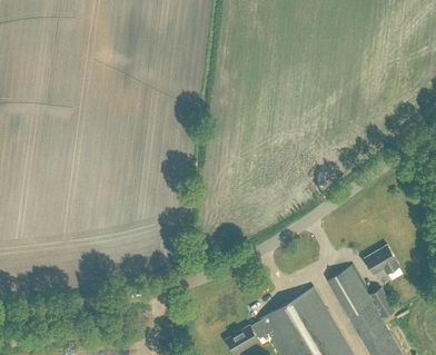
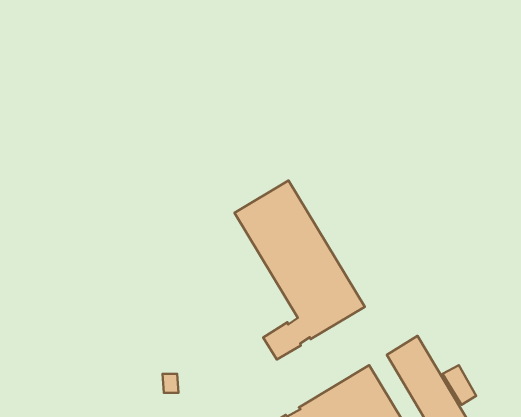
building: none -> [234,180,365,360]
building: [364,246,400,276] -> none

